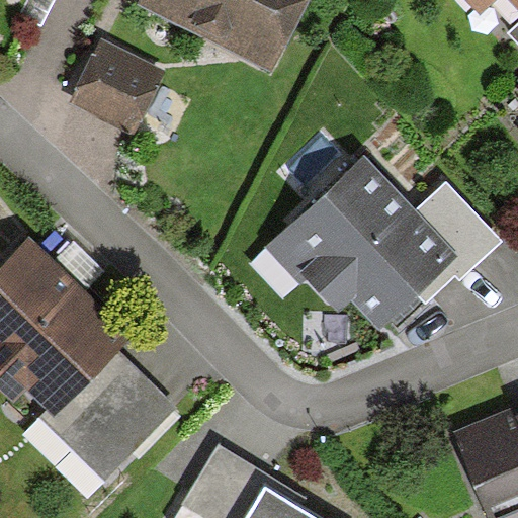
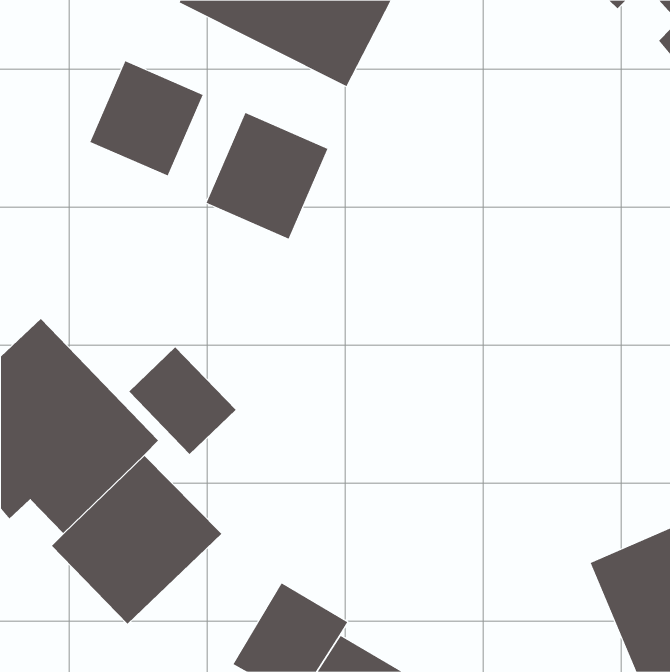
building: none -> [206,112,328,240]
building: [267,158,497,324] -> none
building: none -> [128,347,236,455]

